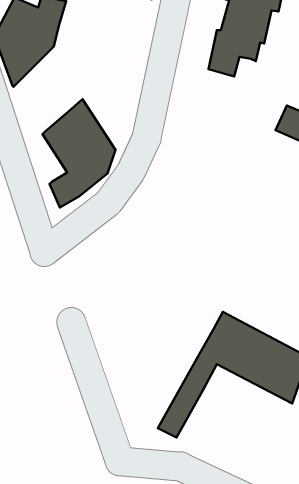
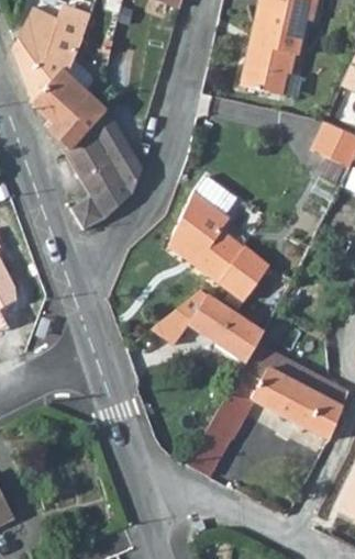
building: none -> [33,59,107,149]
building: none -> [170,189,269,299]
building: none -> [153,288,264,360]

